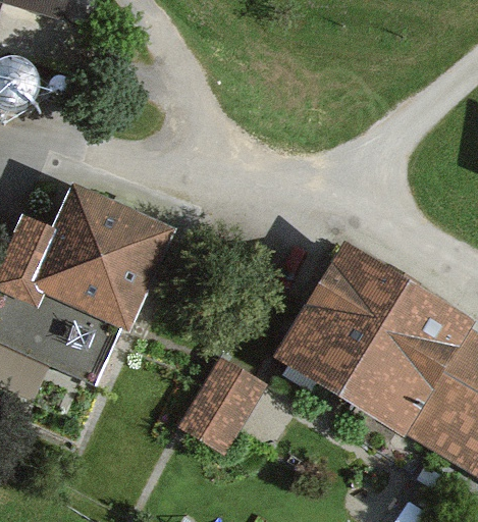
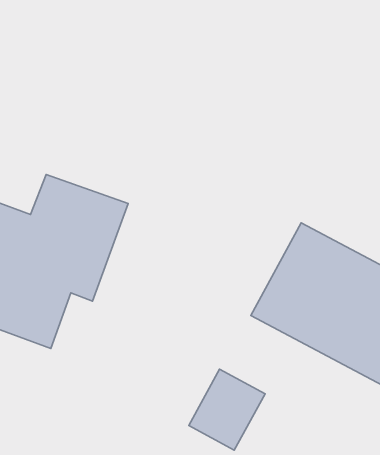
building: [181,361,265,449] -> [189,369,265,450]

